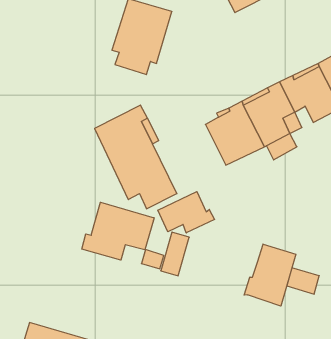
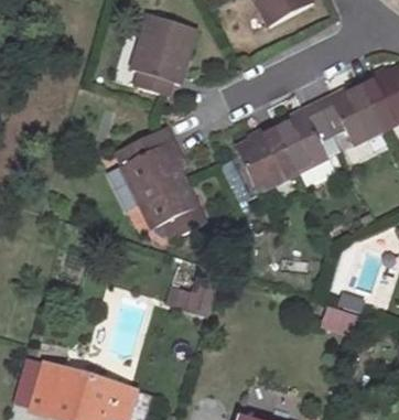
building: [158,192,215,233] -> none
building: [82,202,154,260] -> none
building: [244,244,296,306] -> none

